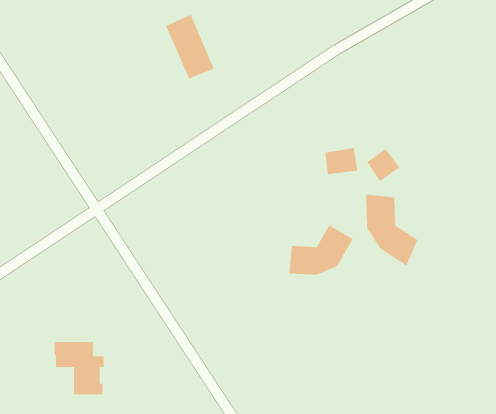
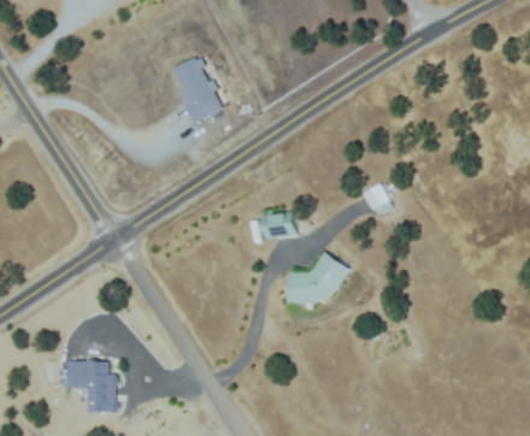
building: [325,147,358,175] -> [264,211,295,236]
building: [366,194,418,267] -> none

